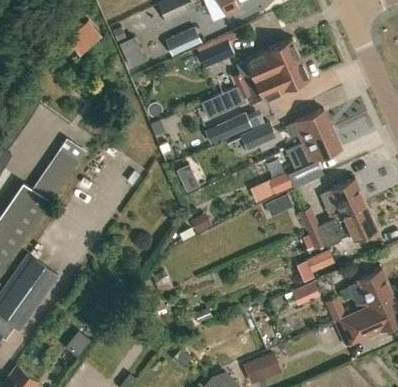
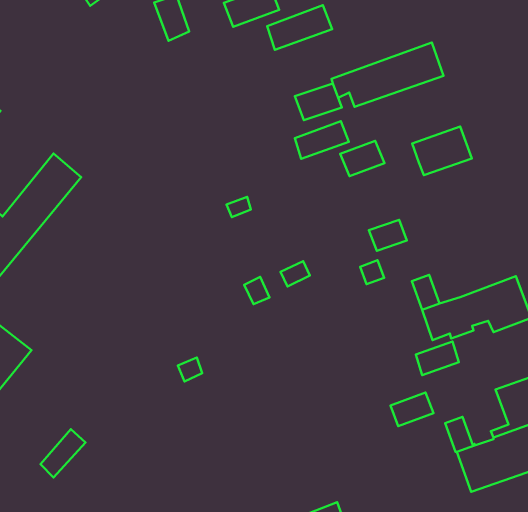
building: [233,39,301,86] -> none
building: [286,131,341,172] -> none
building: [320,179,366,221] -> none

